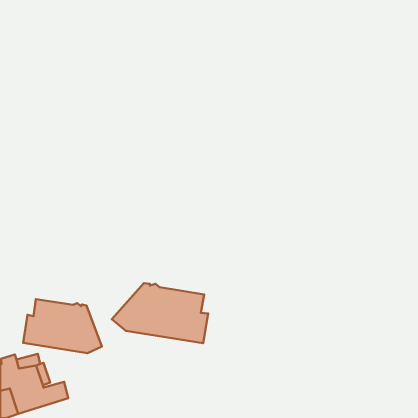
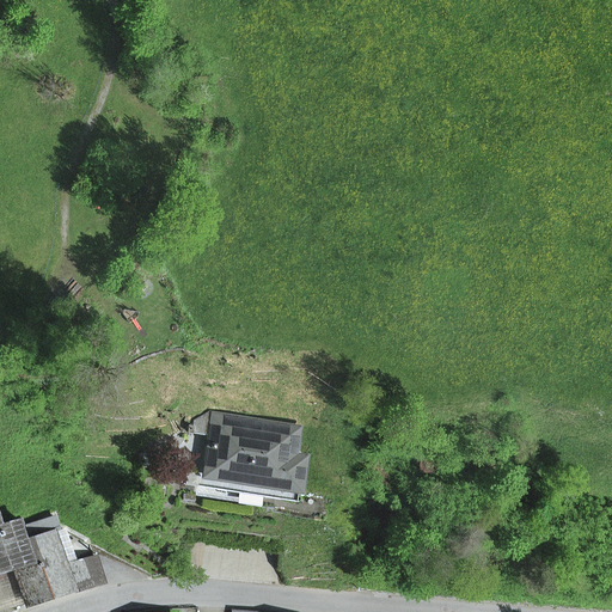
building: [23,299,102,353] -> none

